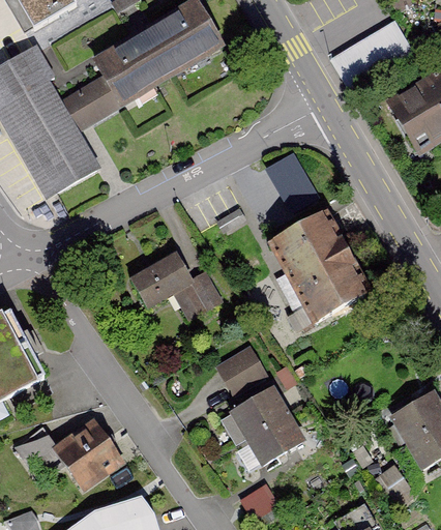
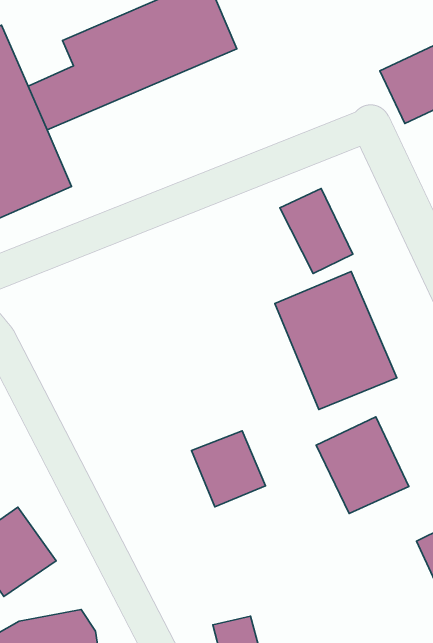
building: [136,255,230,320] -> none
building: [230,386,303,462] -> [316,417,409,513]

